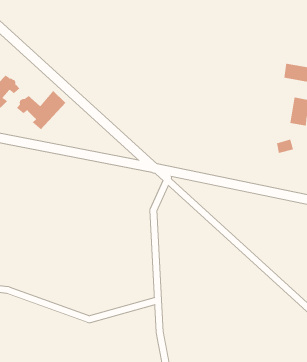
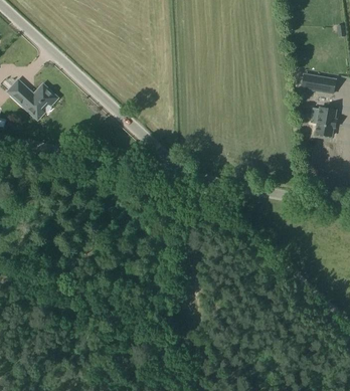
building: [16,90,66,130] -> none

